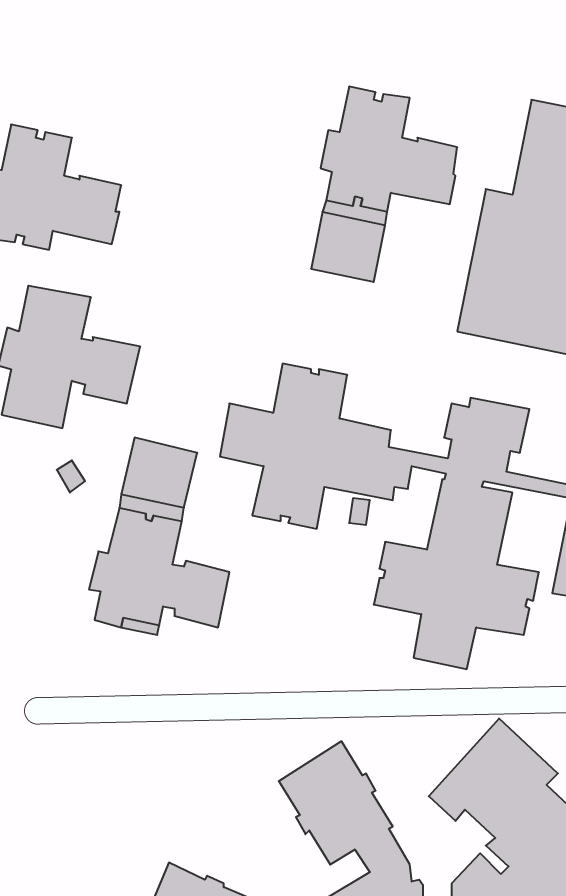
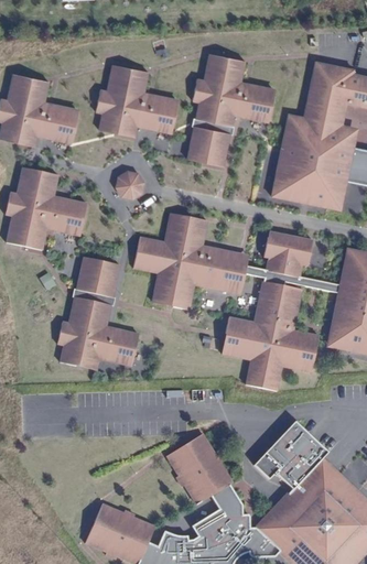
building: none -> [95,65,175,138]
building: none -> [117,172,142,197]

